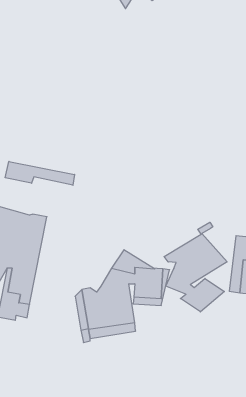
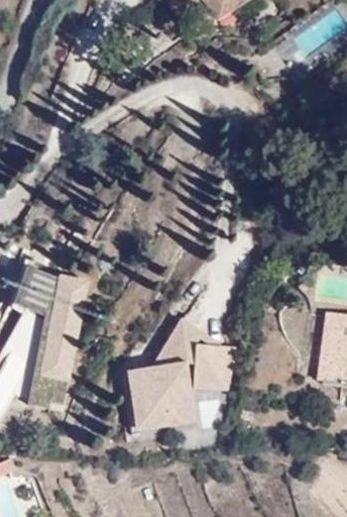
building: [5,161,75,185] -> none
building: [164,222,227,312] -> none

